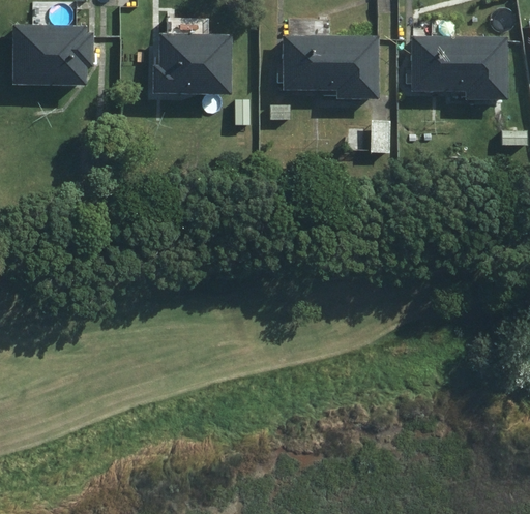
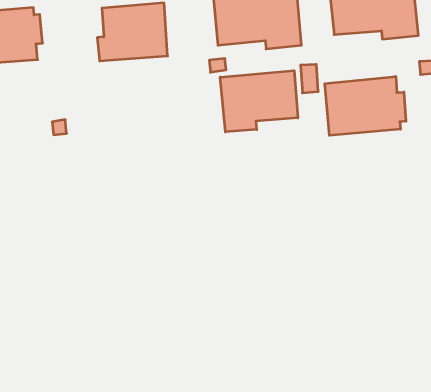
building: none -> [220,71,298,132]
building: none -> [325,76,406,135]

